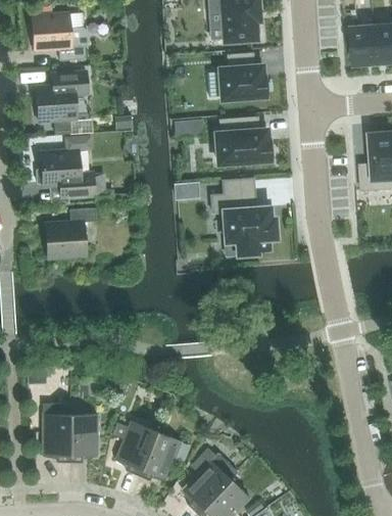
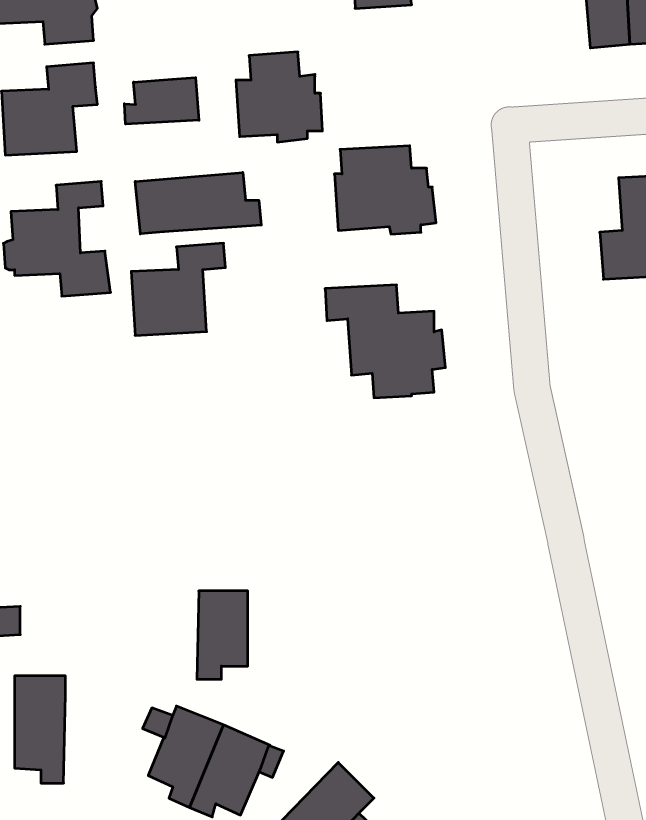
building: [219,52,266,101] -> [236,52,322,142]
building: none -> [124,78,199,124]
building: none -> [135,172,261,234]
building: [45,208,96,259] -> [131,243,225,335]
building: [69,415,97,463] -> [197,591,248,679]

